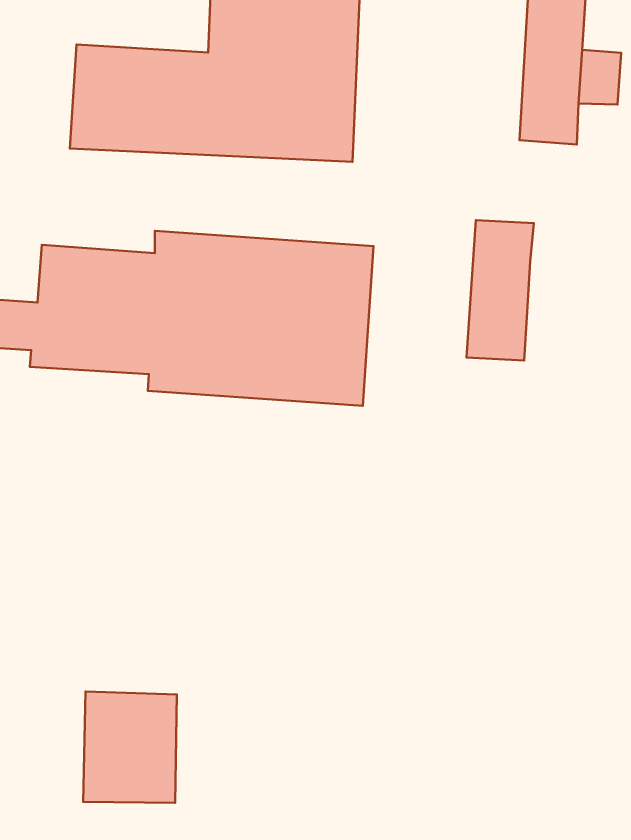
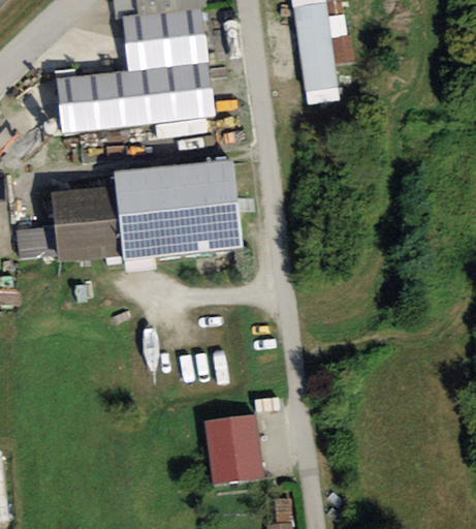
building: [466,220,534,360] -> none
building: [83,692,177,803] -> [202,415,262,484]

